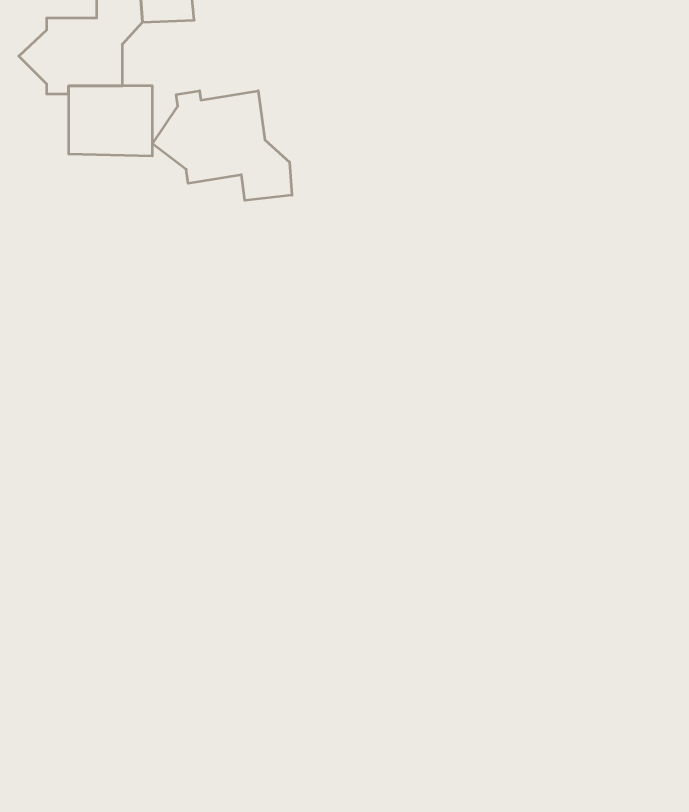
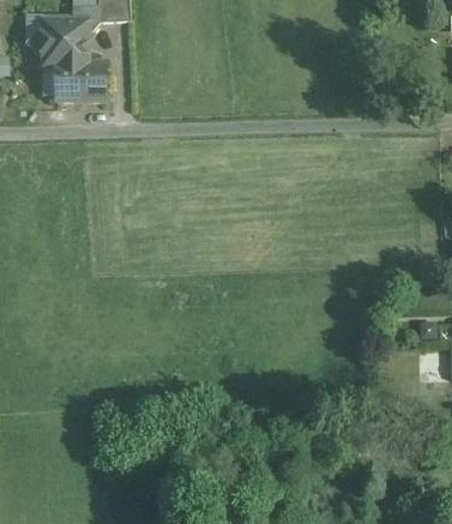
building: [152,91,292,200] -> none

